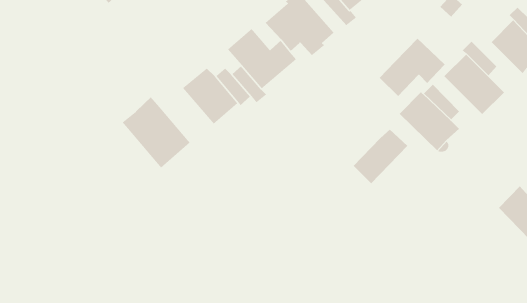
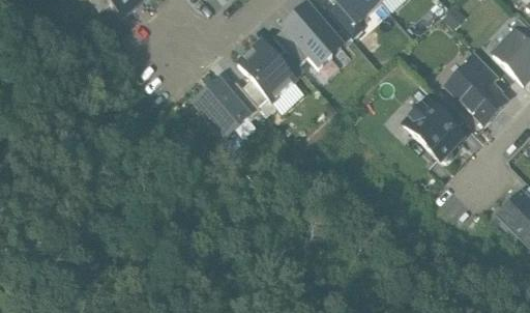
building: [379,38,445,97] -> none
building: [122,96,190,168] -> none
building: [353,129,408,184] -> none

